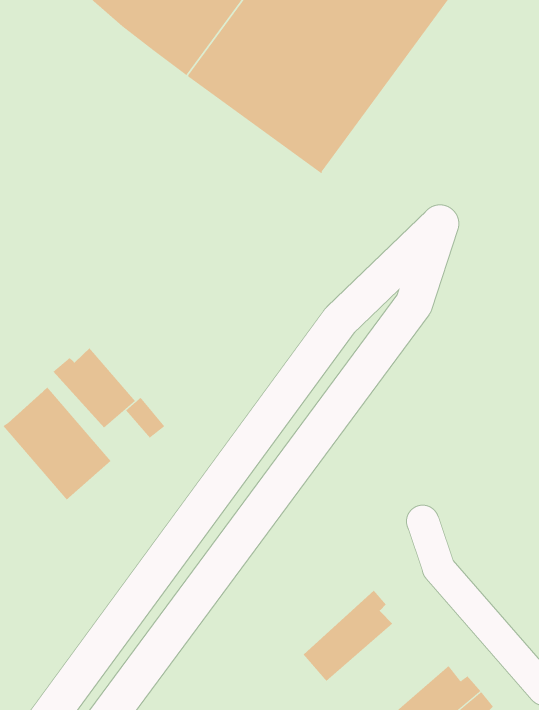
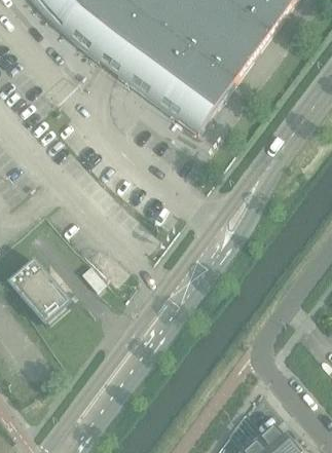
building: [53,348,136,428] -> none
building: [303,590,393,682] -> none

